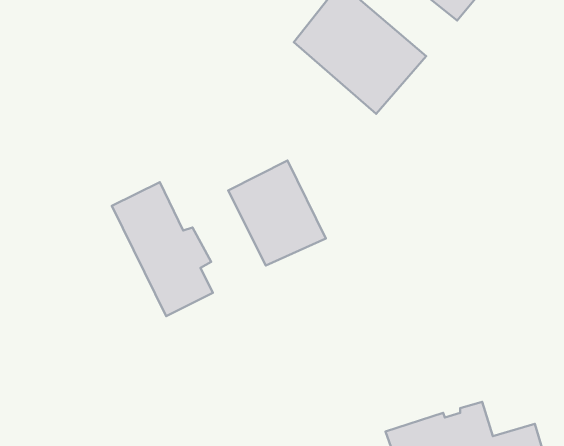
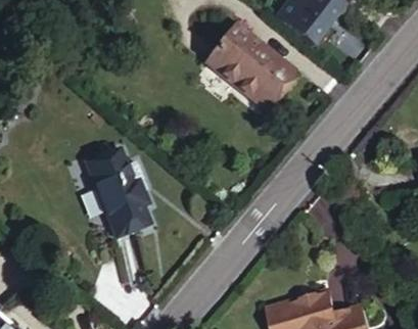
building: [228,161,326,266] -> none

